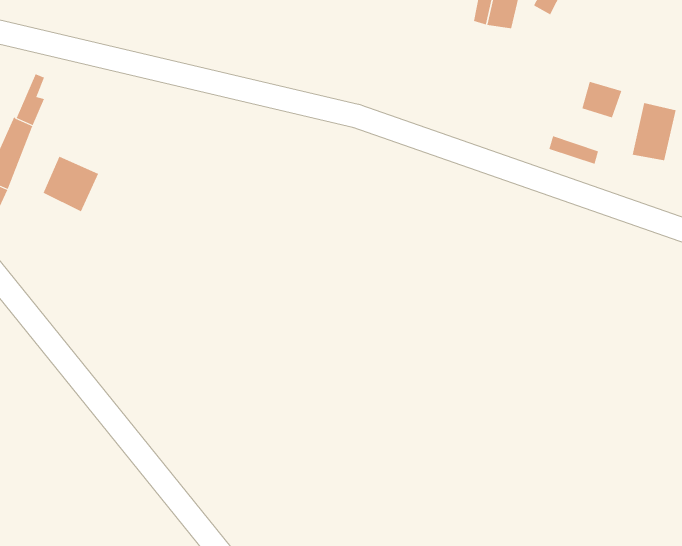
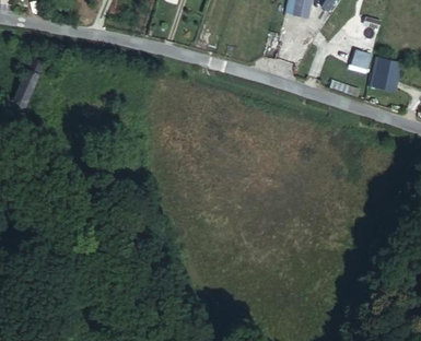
building: [43,156,99,212] -> none

